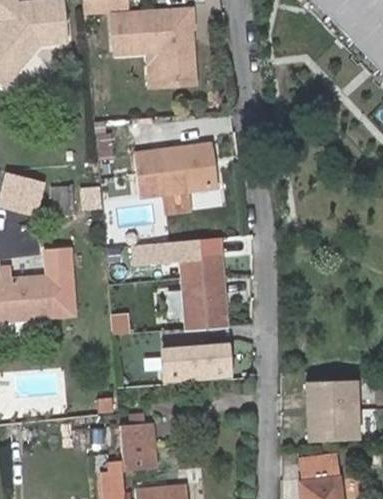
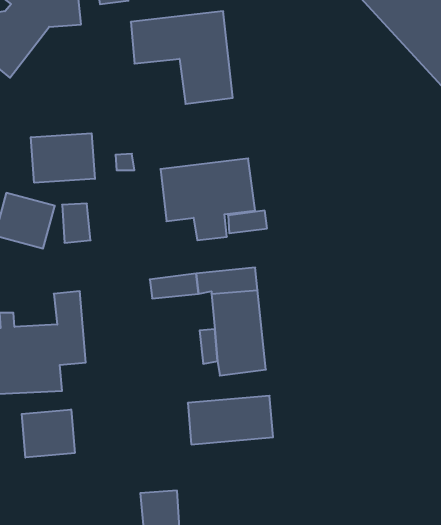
building: none -> [31,133,95,183]
building: none -> [22,409,75,458]
building: [304,379,361,439] -> none

